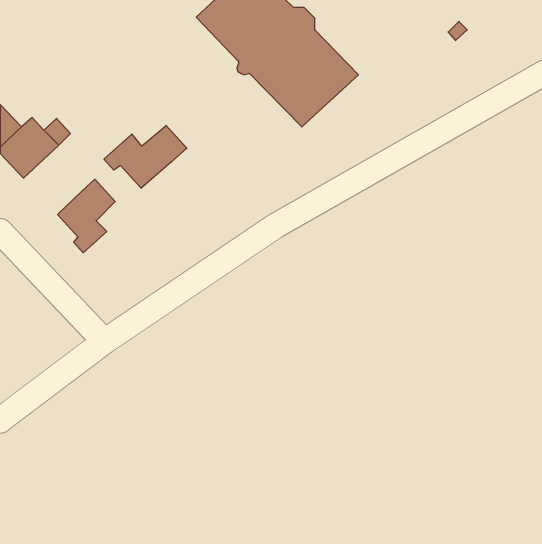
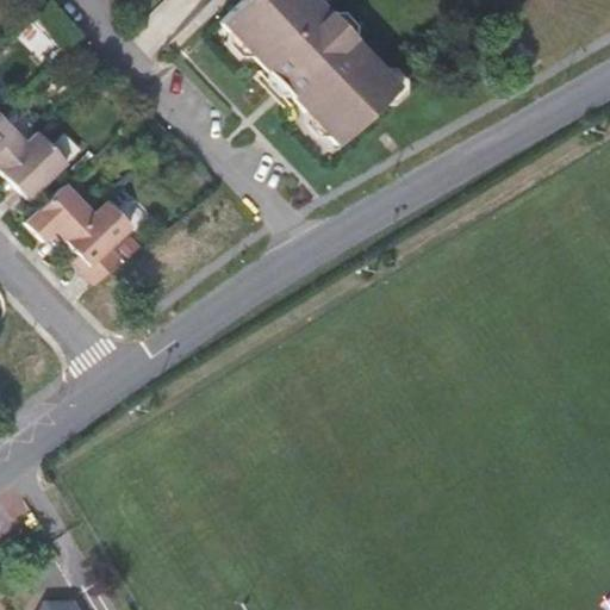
building: [104,125,187,188] -> none
building: none -> [26,183,95,241]

